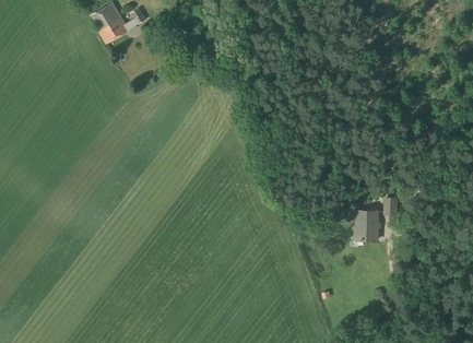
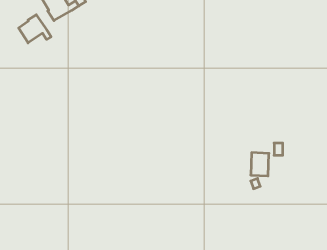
building: none -> [19,15,51,43]

